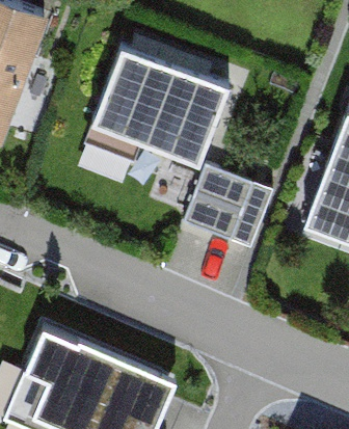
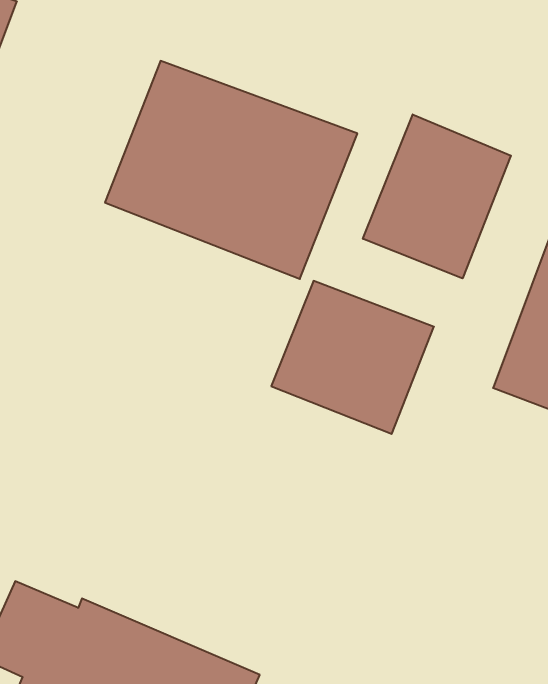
building: none -> [363,114,511,278]

